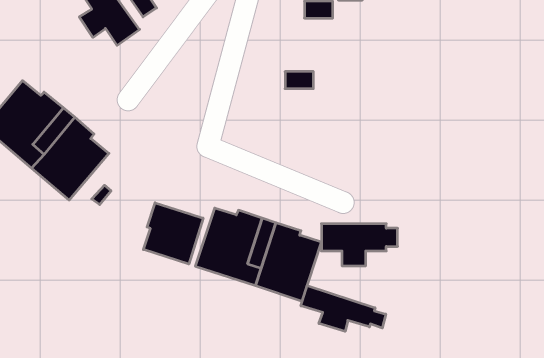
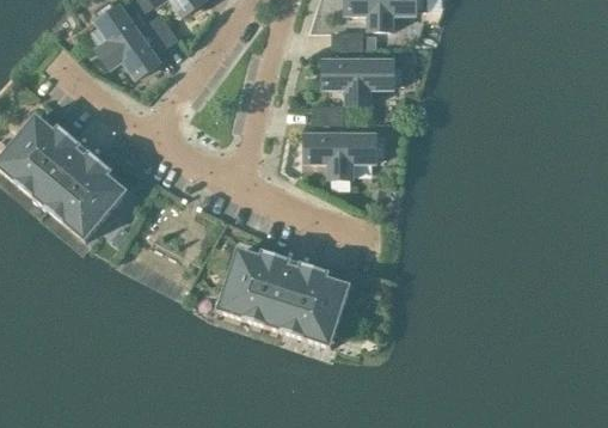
building: none -> [324,60,404,104]
building: [143,203,203,264] -> none
building: [321,224,398,266] -> [306,134,386,178]
building: [301,286,386,331] -> none

